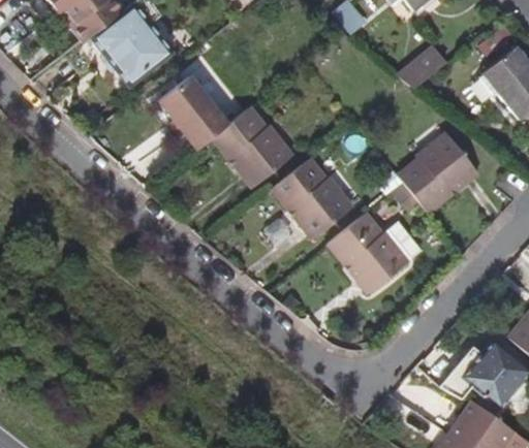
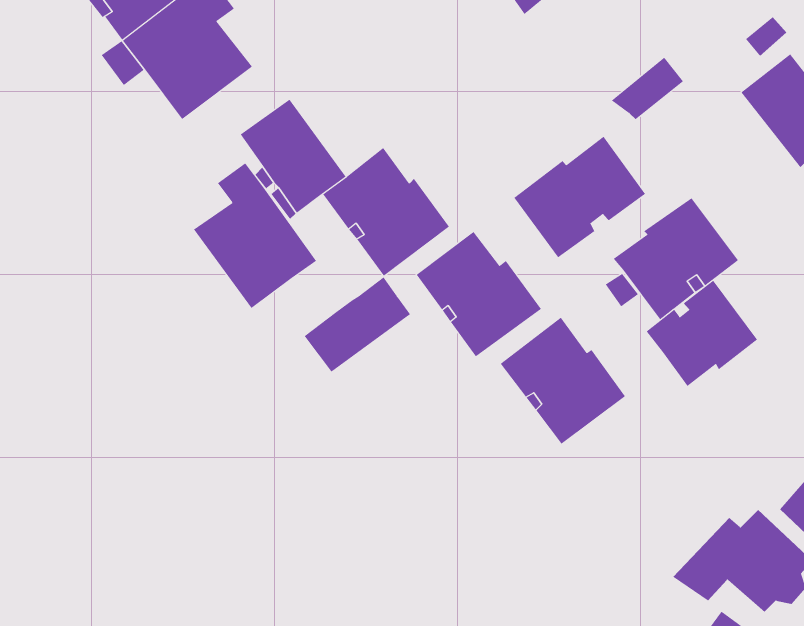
building: none -> [513,136,646,258]
building: none -> [193,163,317,309]
building: none -> [304,276,411,372]
building: none -> [646,280,758,387]

